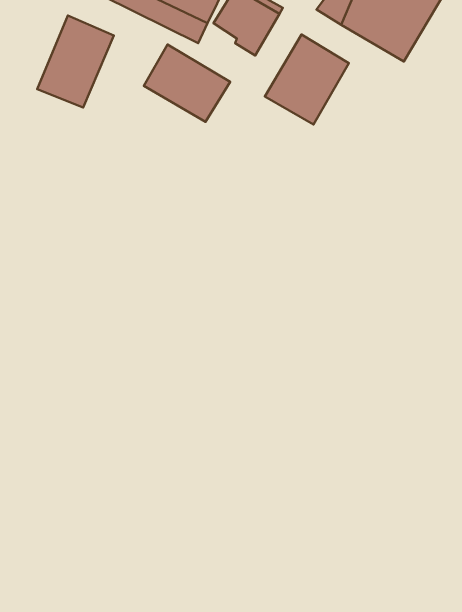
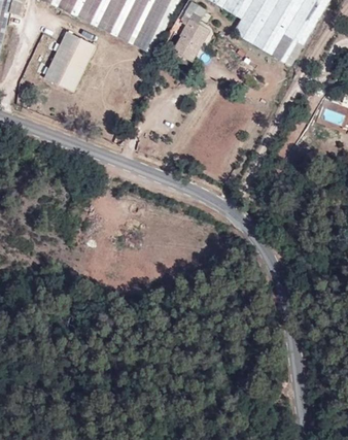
building: [265,34,349,124] -> none
building: [144,45,230,122] -> none

